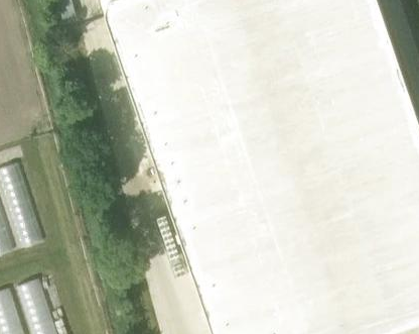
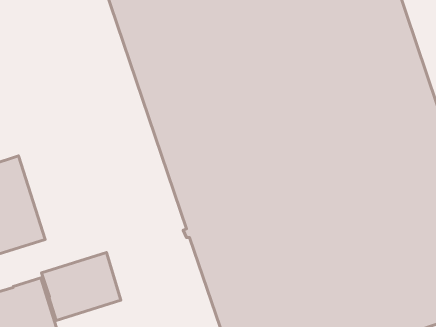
building: none -> [42,253,121,321]

